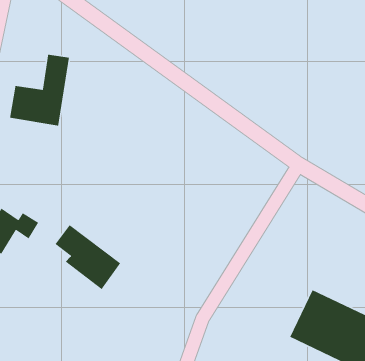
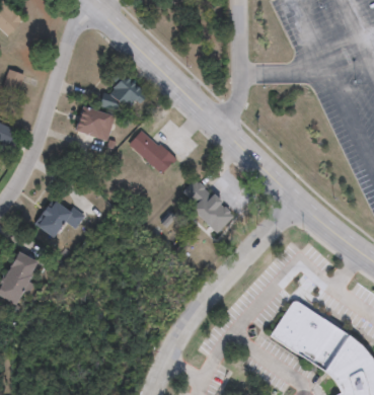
building: none -> [131,128,176,173]
building: [55,224,121,290] -> [184,178,235,234]

